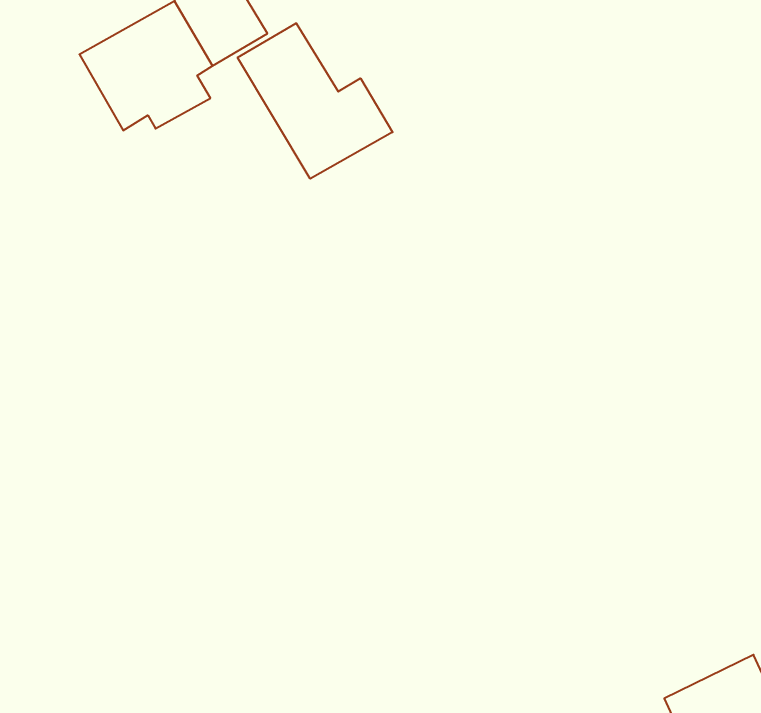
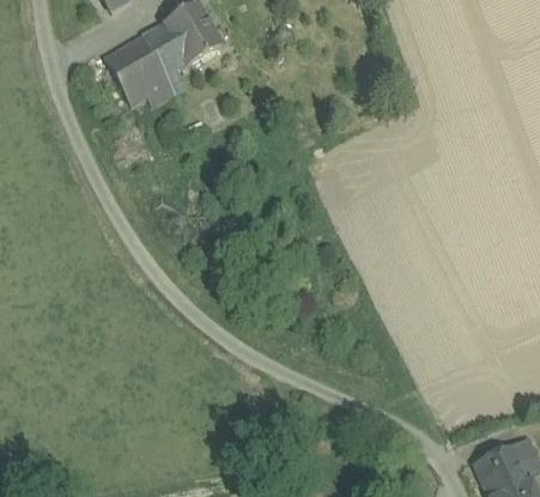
building: [238,23,393,179] -> none

